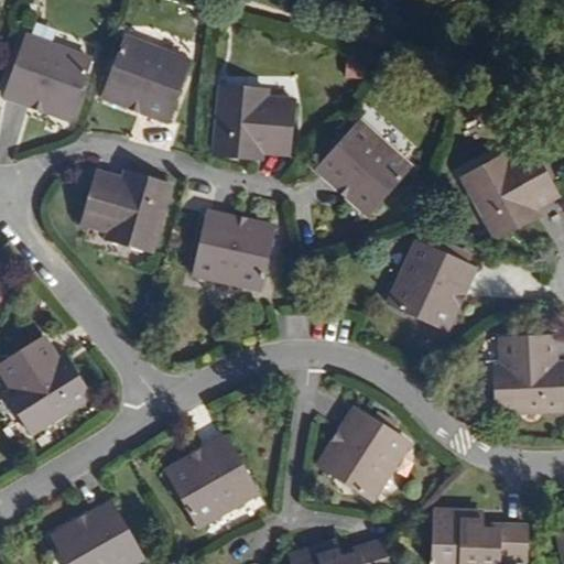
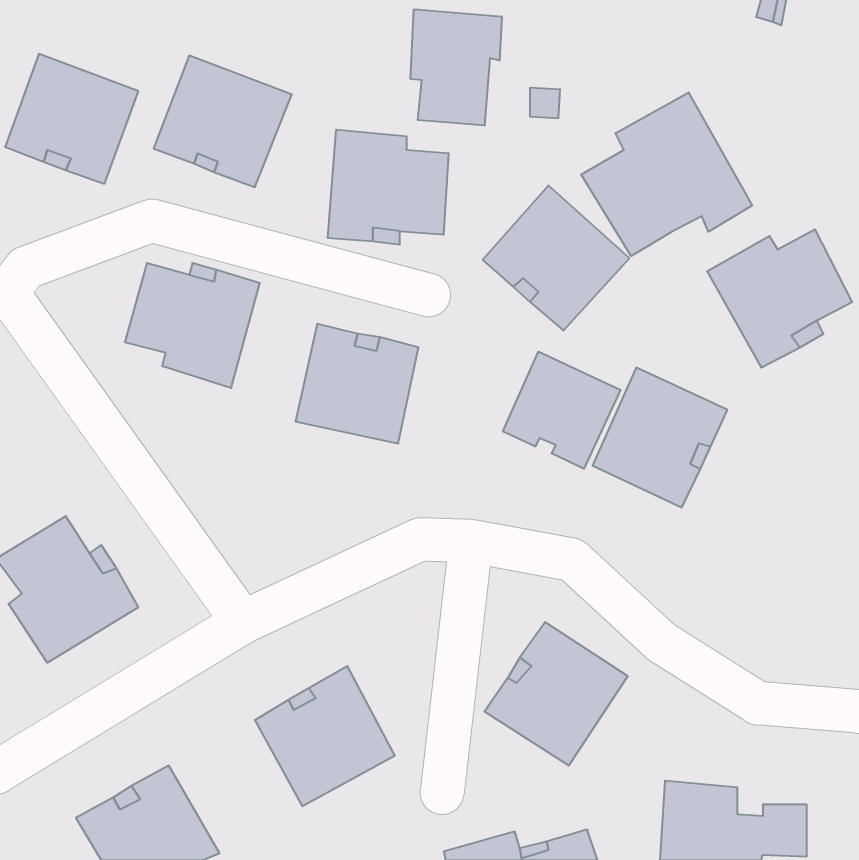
building: none -> [411,9,502,126]
building: none -> [581,92,752,256]
building: none -> [503,352,620,469]
building: [482,344,554,419] -> none

